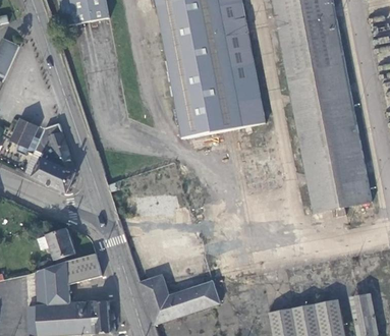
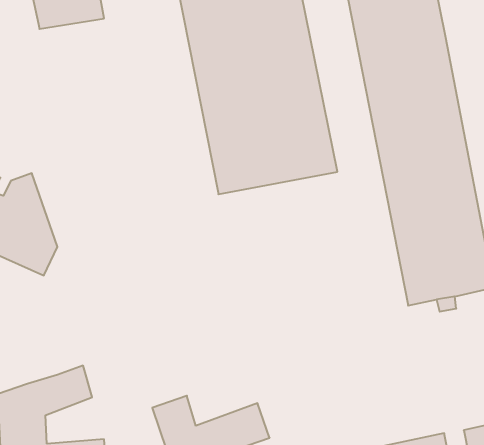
building: [42,229,76,265] -> none

